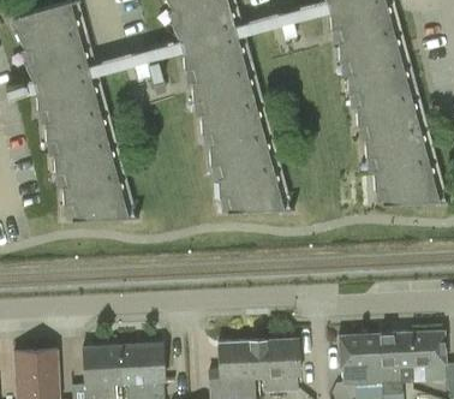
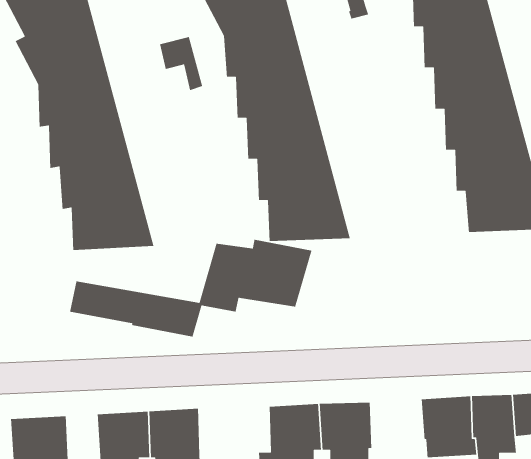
building: none -> [69,239,312,337]

